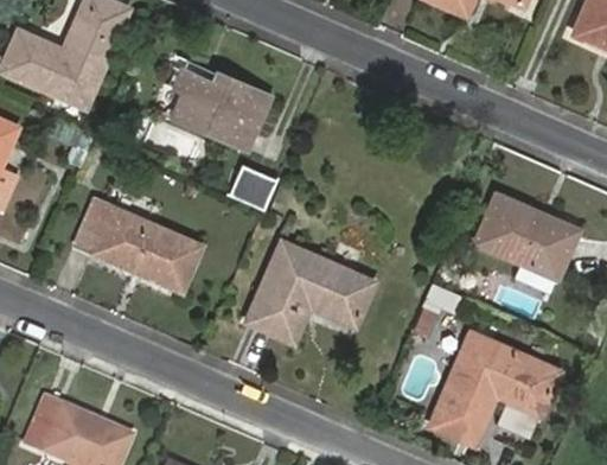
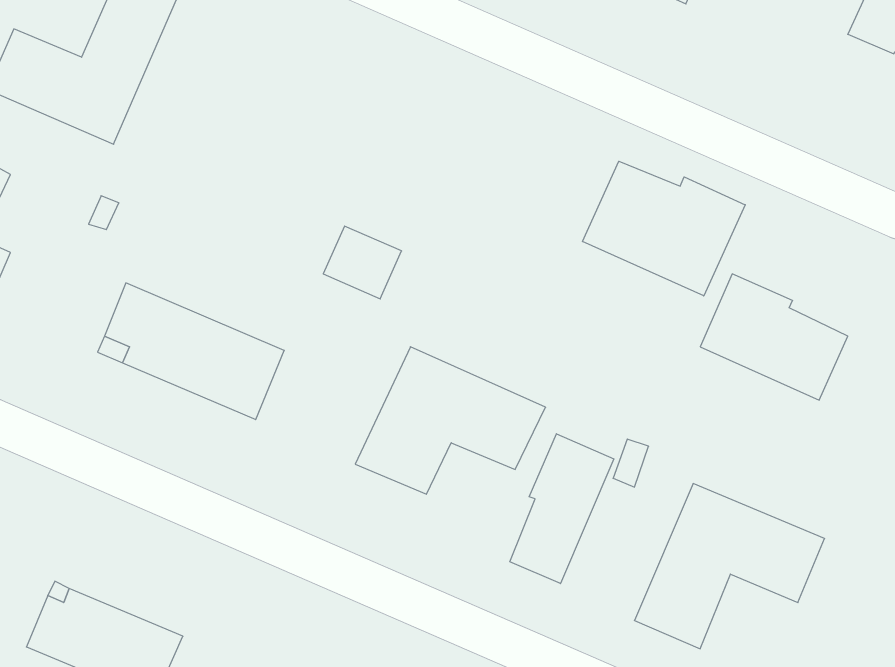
building: [172,69,270,147] -> none
building: none -> [583,161,745,296]
building: none -> [510,434,614,584]

